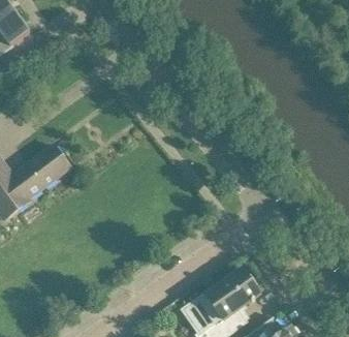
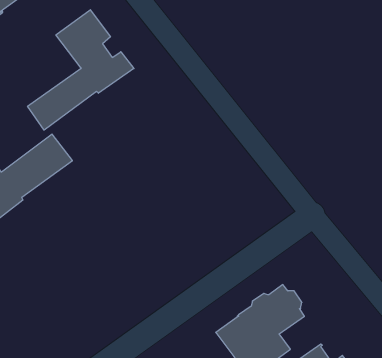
building: none -> [28,10,134,130]

